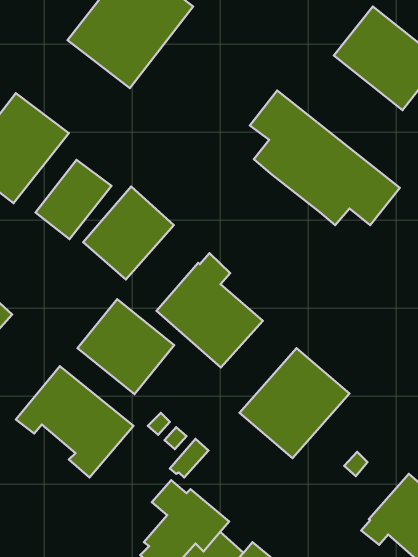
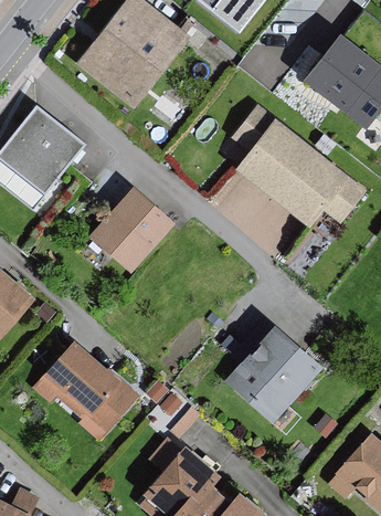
building: [35,160,111,239] -> none
building: [157,253,263,367] -> none
building: [78,299,174,394] -> none

